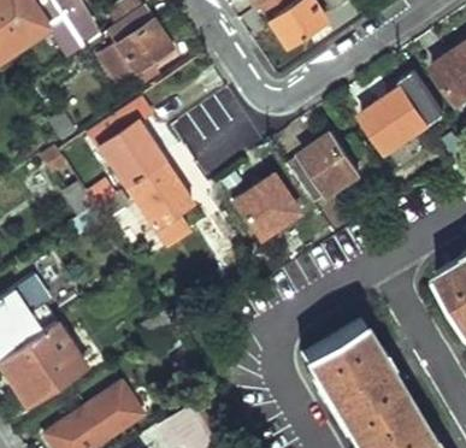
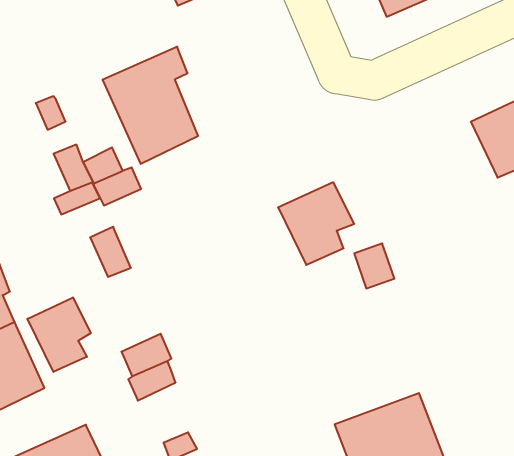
building: [290,136,358,205] -> none
building: [128,160,194,228] -> none
building: none -> [27,297,91,372]

